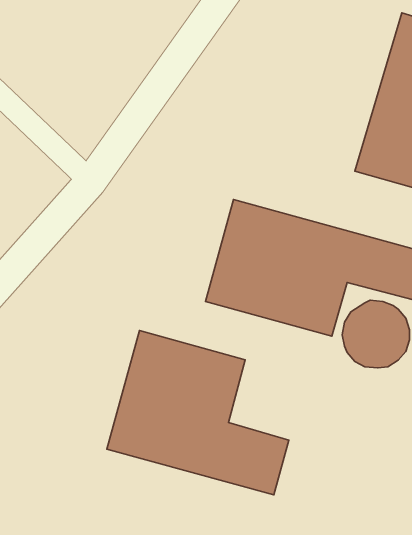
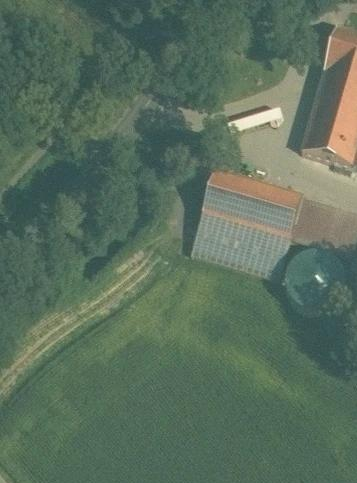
building: [107,331,289,495] -> none

